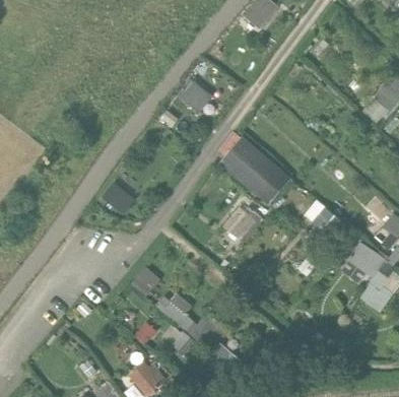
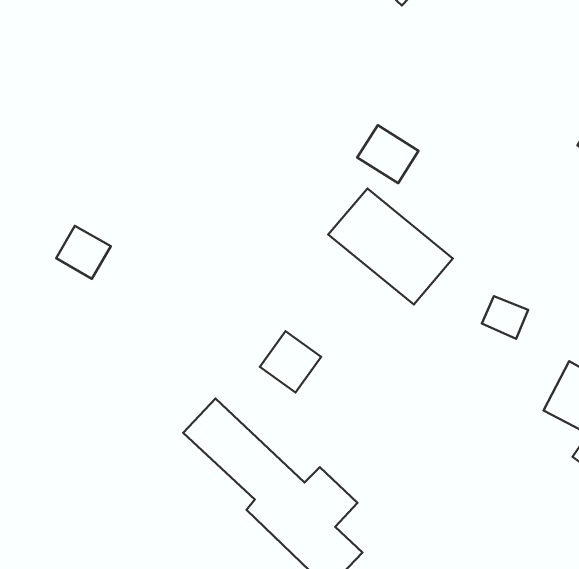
building: [178,77,214,112] -> [357,125,419,183]
building: [104,182,136,213] -> [56,226,111,279]
building: [223,206,260,243] -> [260,331,321,393]

